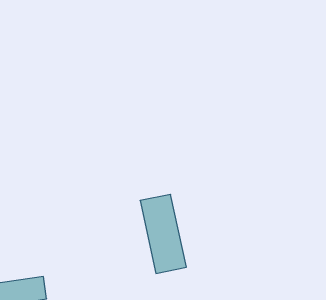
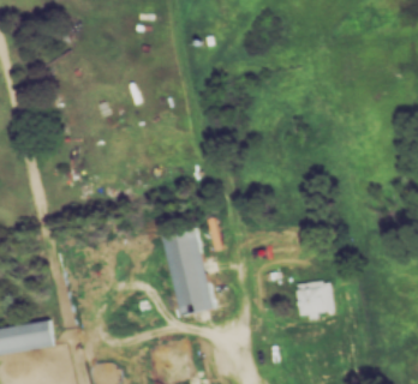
building: none -> [297,281,333,317]

